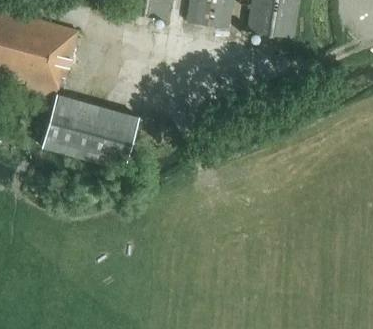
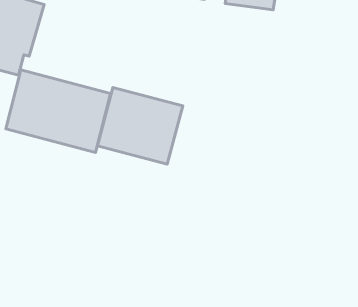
building: none -> [97,88,183,164]

